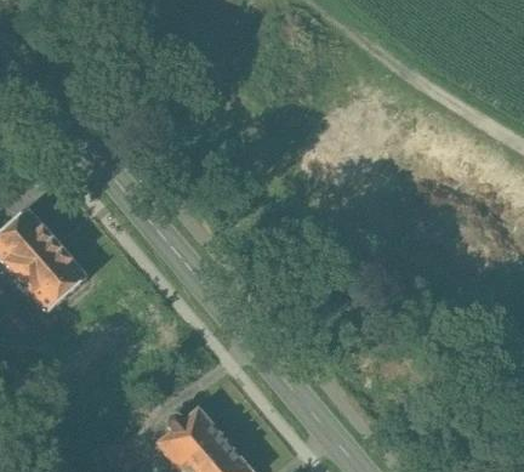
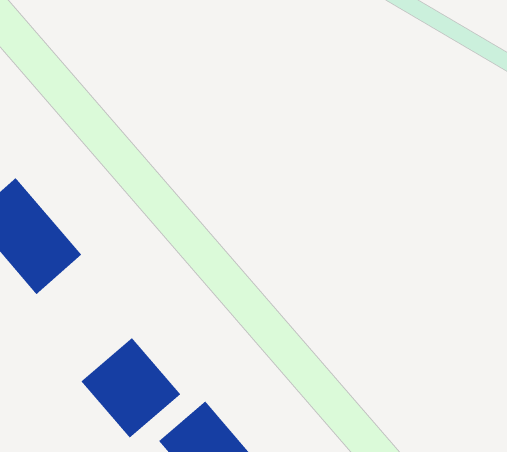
building: none -> [80,337,181,439]

